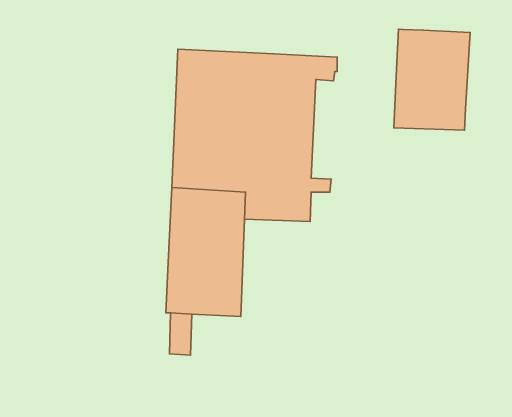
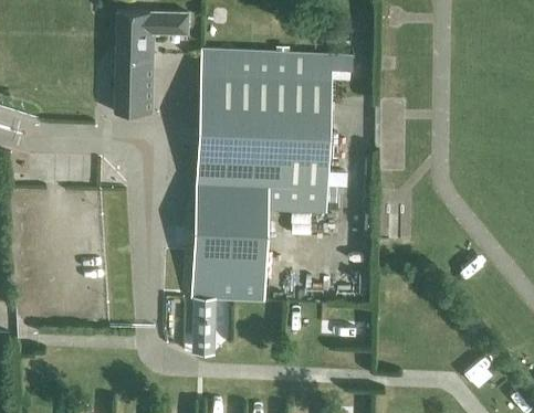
building: none -> [116,11,187,109]
building: [394,29,470,130] -> none

